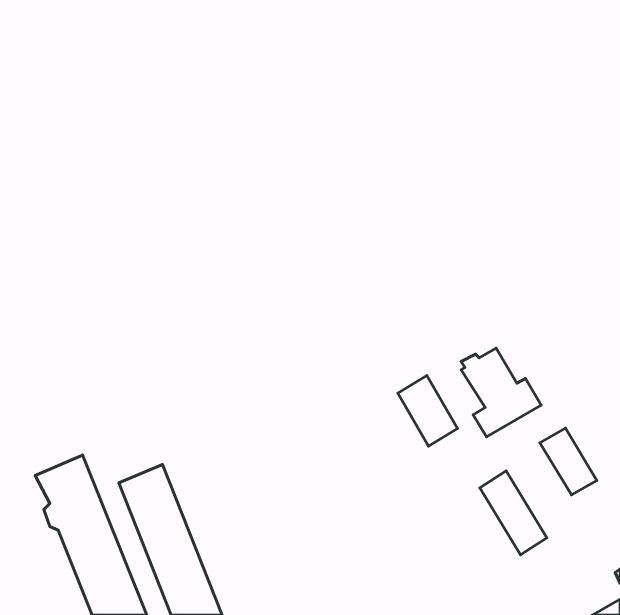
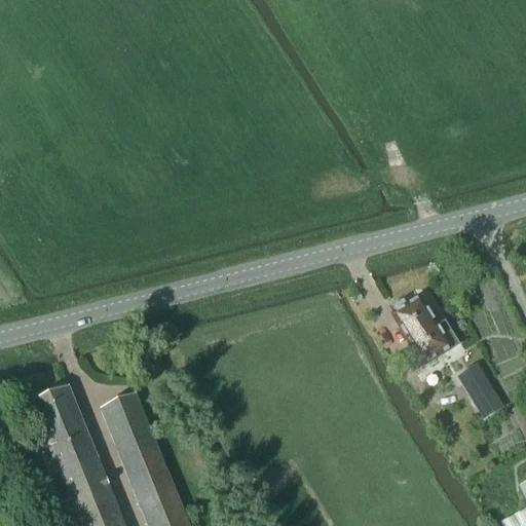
building: [398,376,457,446] -> none
building: [480,471,547,555] -> none

